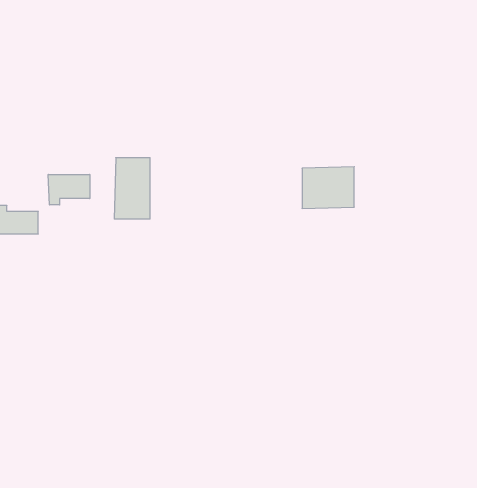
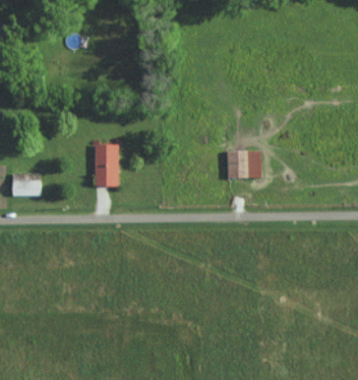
building: [48,174,90,205] -> none

